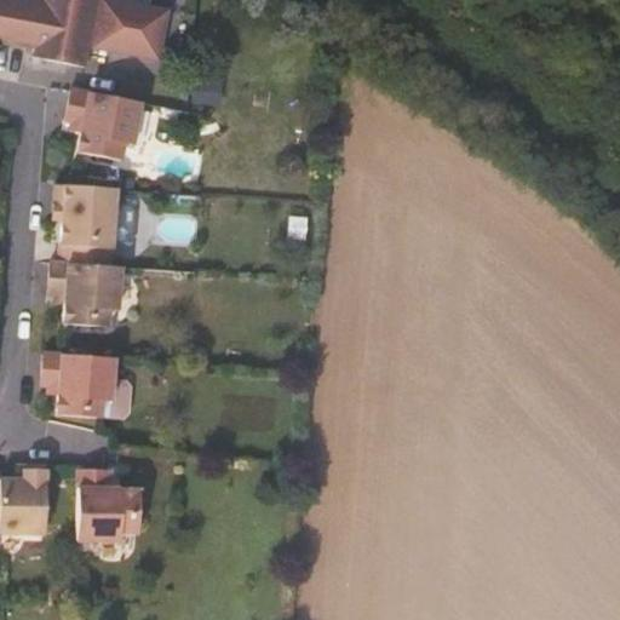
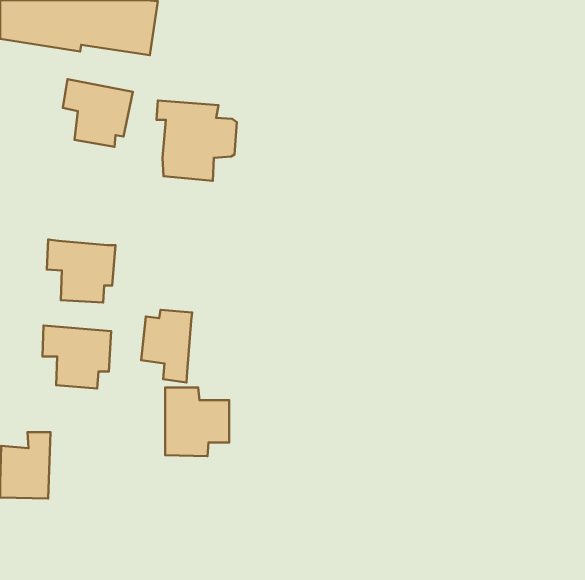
building: [54,180,139,265] -> [157,100,237,181]
building: none -> [141,310,192,382]
building: [76,469,144,541] -> [165,388,229,456]

